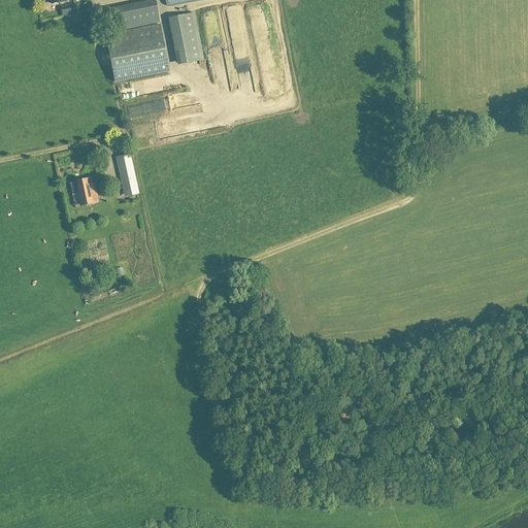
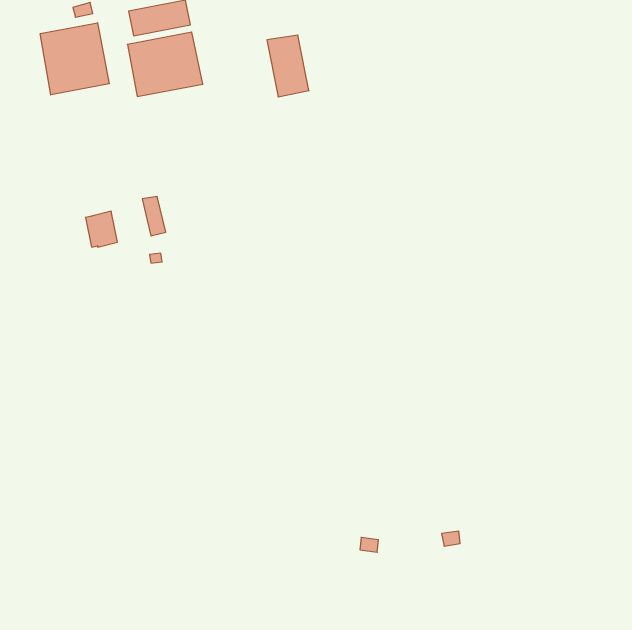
building: [168,12,203,64] -> [267,35,309,97]
building: none -> [40,23,109,95]

